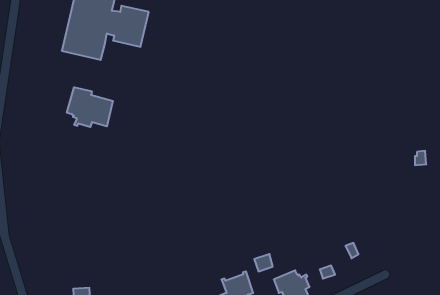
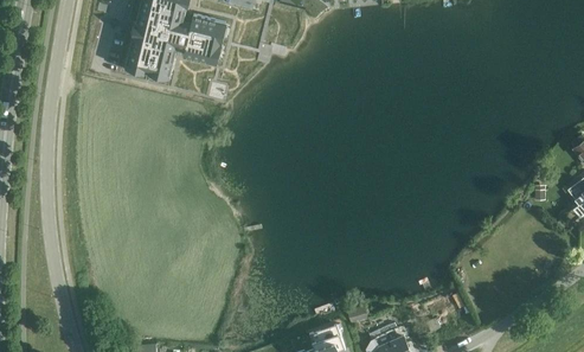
building: [67,87,113,127] -> none

